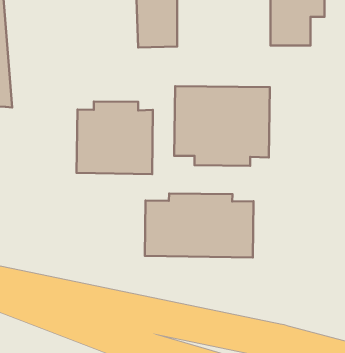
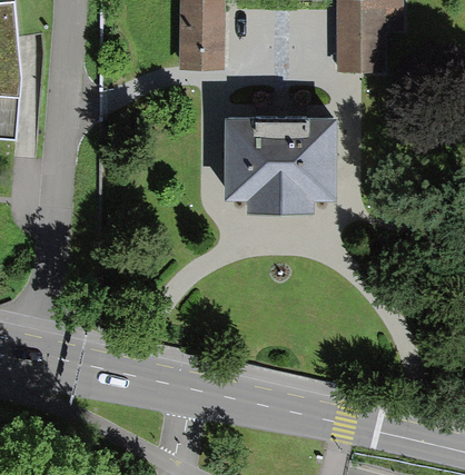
building: [77,101,153,174] -> none
building: [145,193,253,257] -> none

